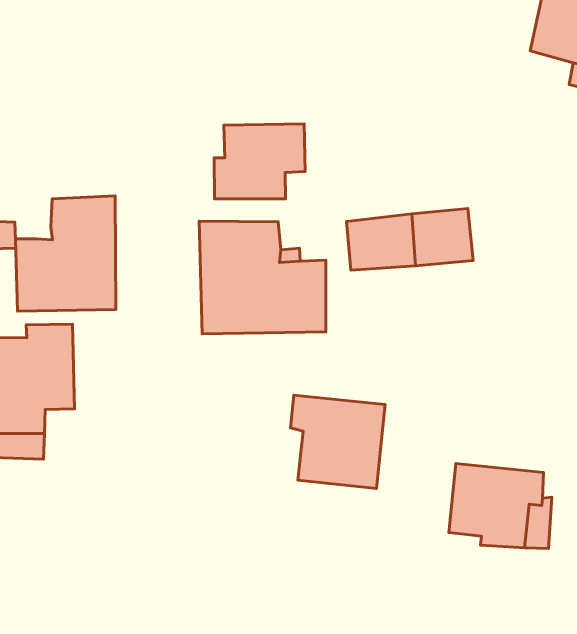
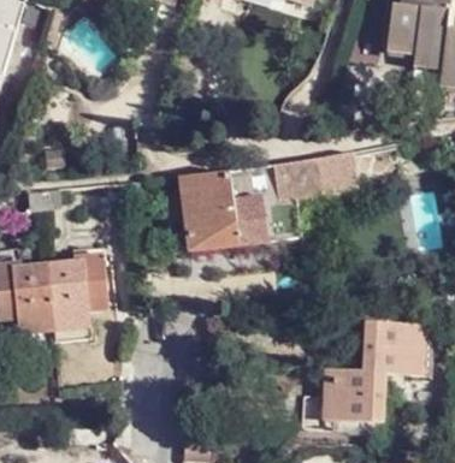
building: [214,124,305,199] -> none
building: [15,196,116,311] -> none
building: [290,395,385,488] -> [324,366,384,421]

